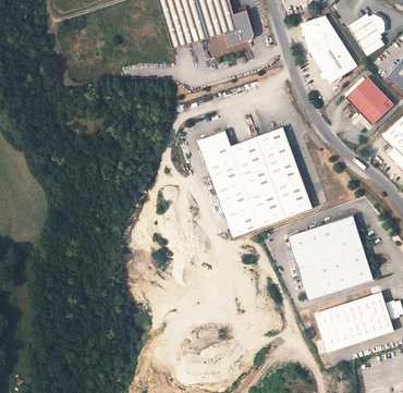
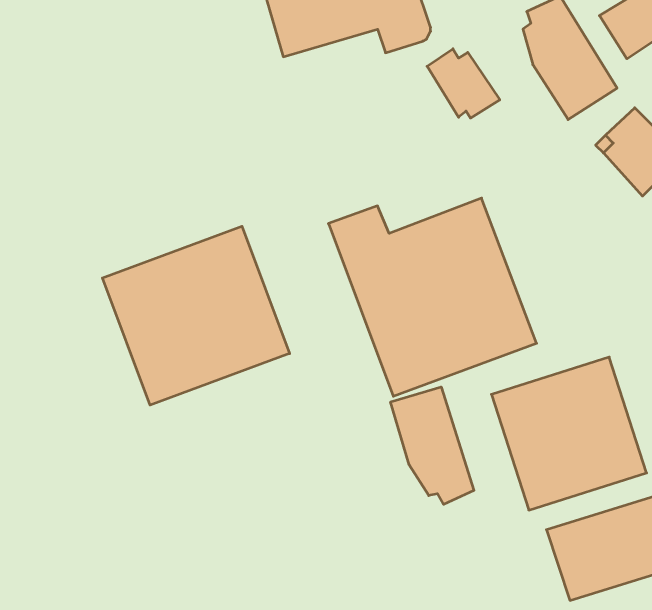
building: none -> [427,49,500,118]
building: none -> [102,226,290,405]
building: none -> [391,387,474,504]

